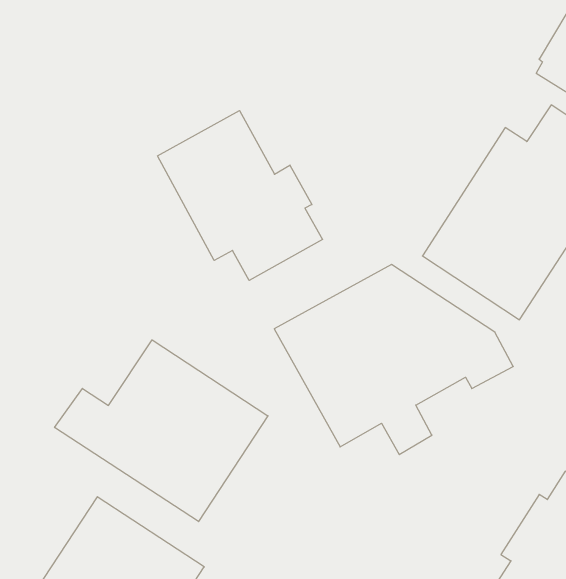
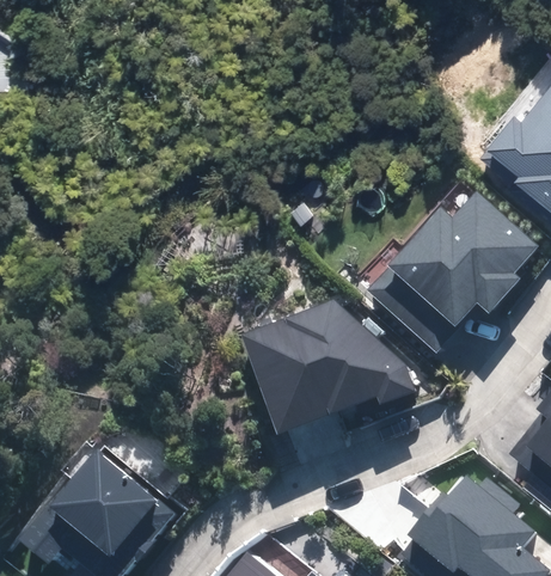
building: [158,111,323,280] -> none
building: [55,340,268,522] -> none

